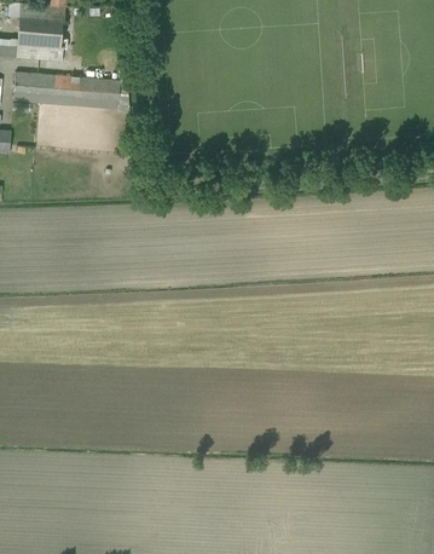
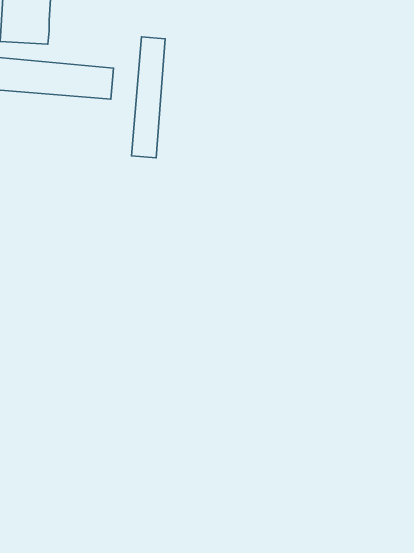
building: none -> [132,37,165,158]

